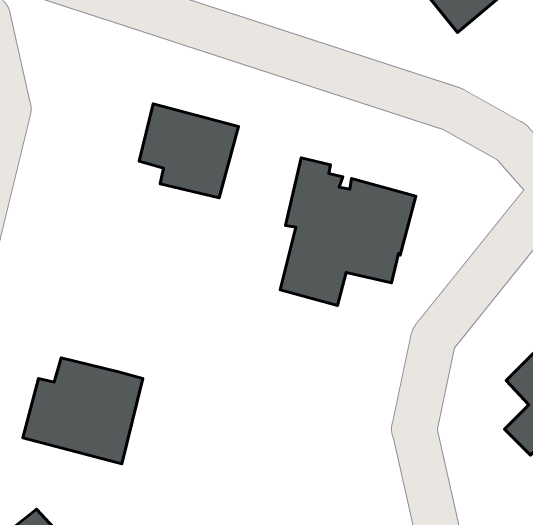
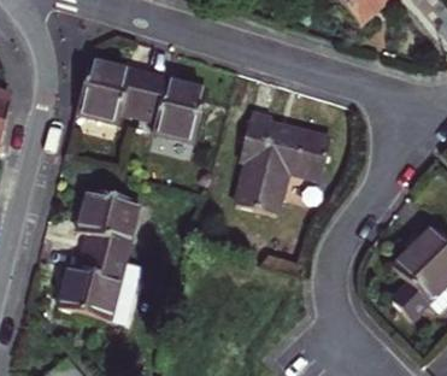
building: none -> [77,59,148,121]
building: none -> [77,188,139,259]

